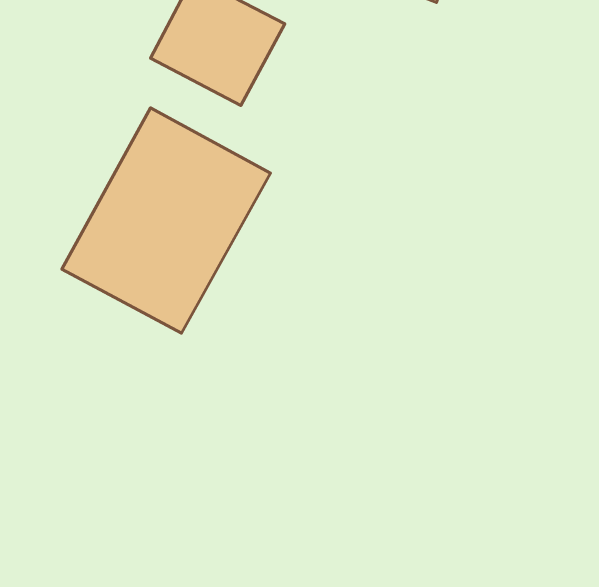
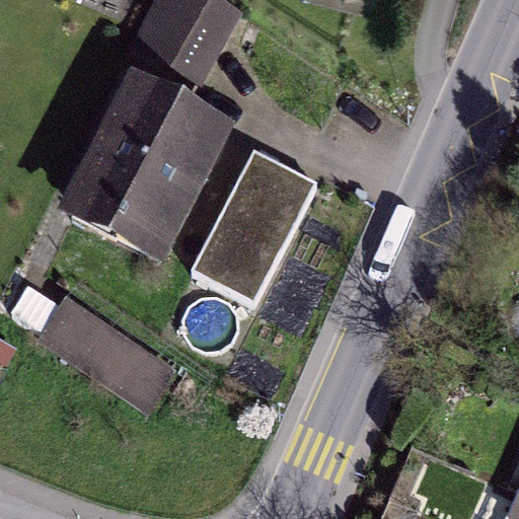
building: none -> [187,160,309,309]
building: none -> [38,301,165,407]

